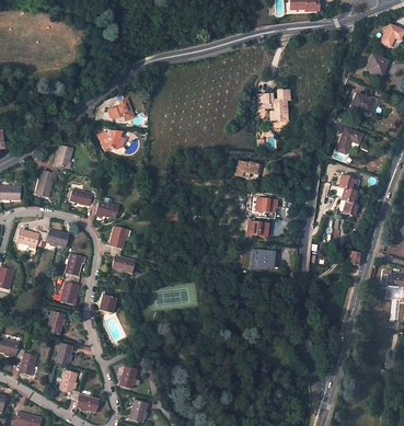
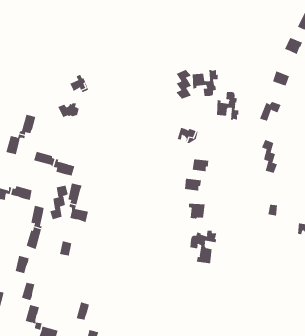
building: none -> [176,69,192,99]
building: none -> [216,91,239,120]
building: none -> [50,185,69,220]
building: none -> [190,230,217,264]

